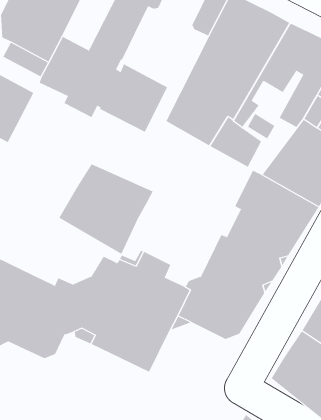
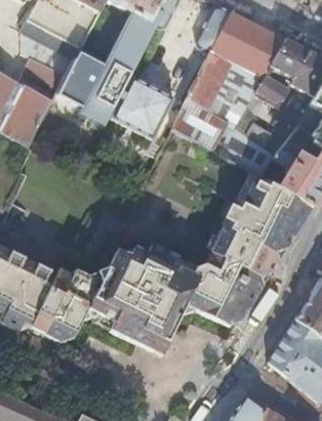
building: [59,163,154,255] -> none

